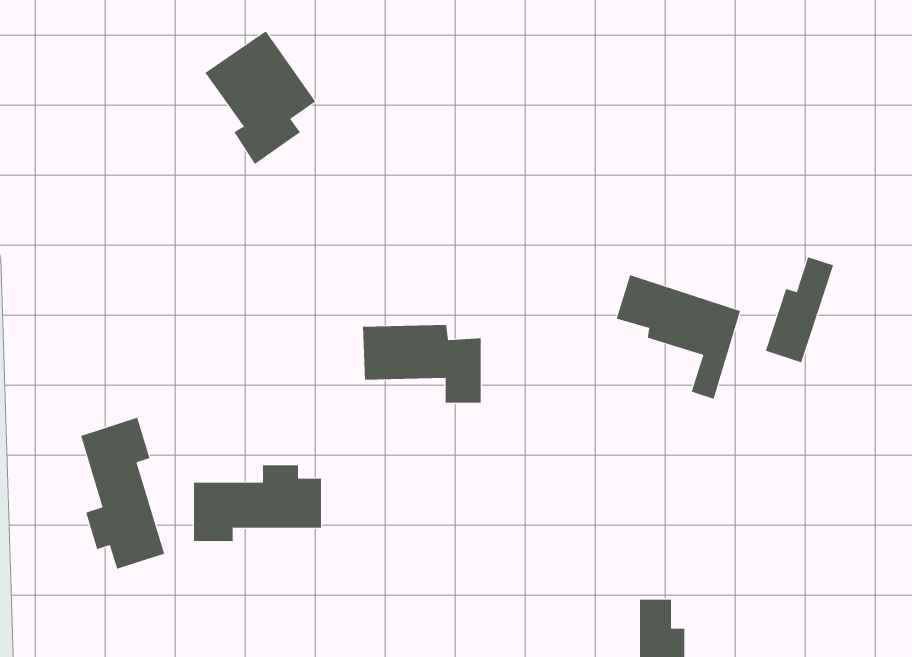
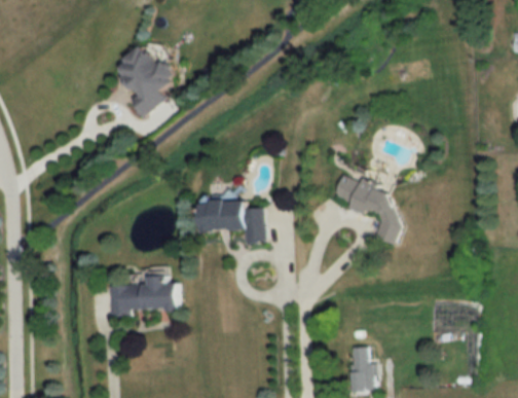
building: [765,256,834,363] -> none
building: [81,417,165,570] -> none

